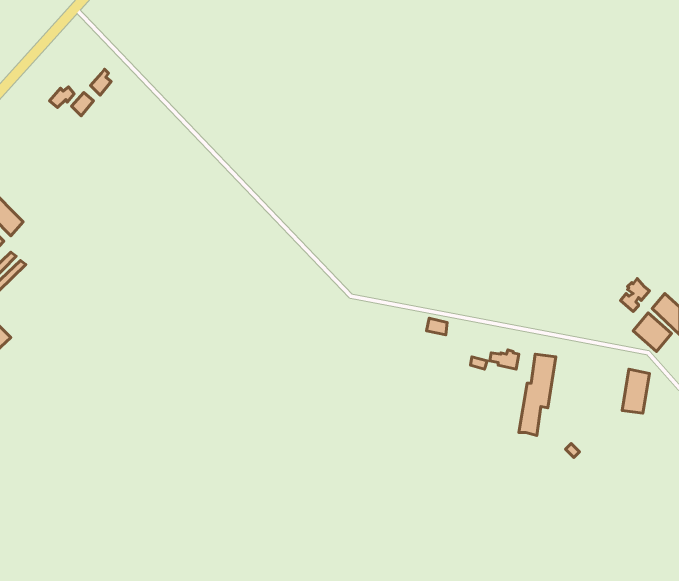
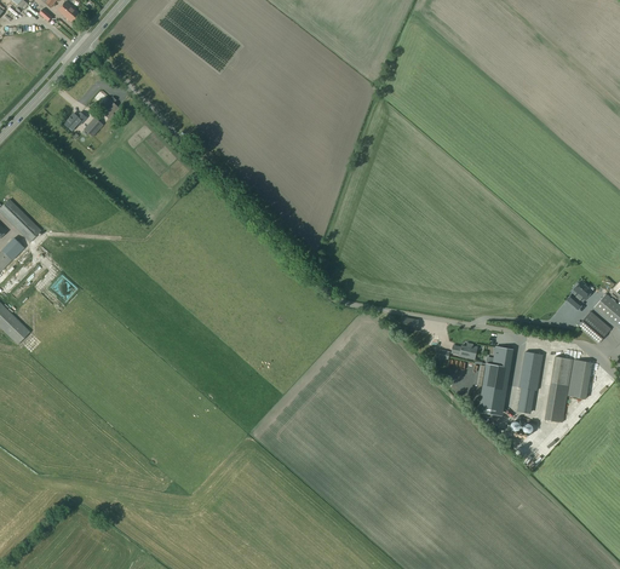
building: none -> [519,352,542,413]
building: none -> [545,357,573,423]

